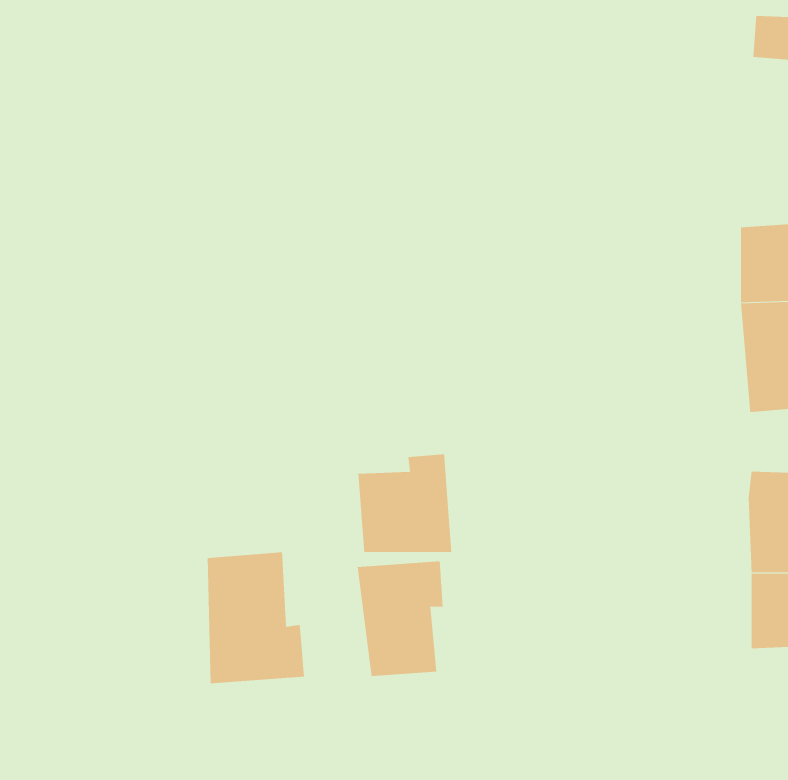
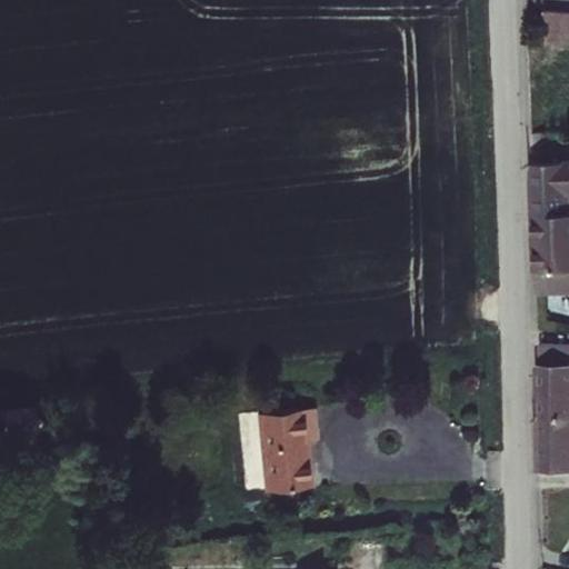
building: [358,453,452,553] -> none
building: [207,552,305,684] -> none

